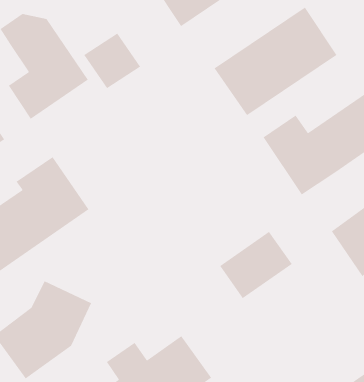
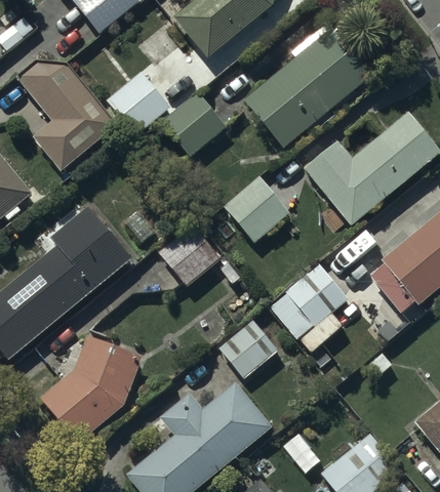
building: none -> [159,90,227,157]
building: none -> [225,174,291,241]
building: none -> [159,224,219,286]
building: none -> [218,319,278,377]

